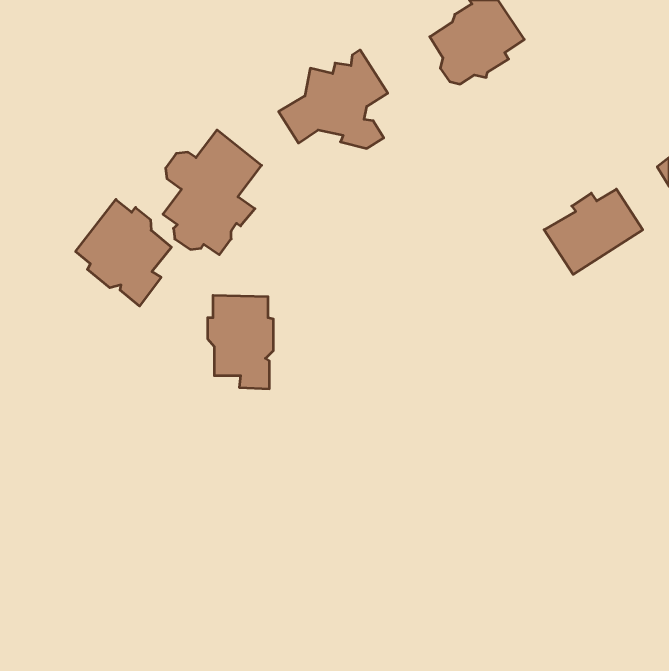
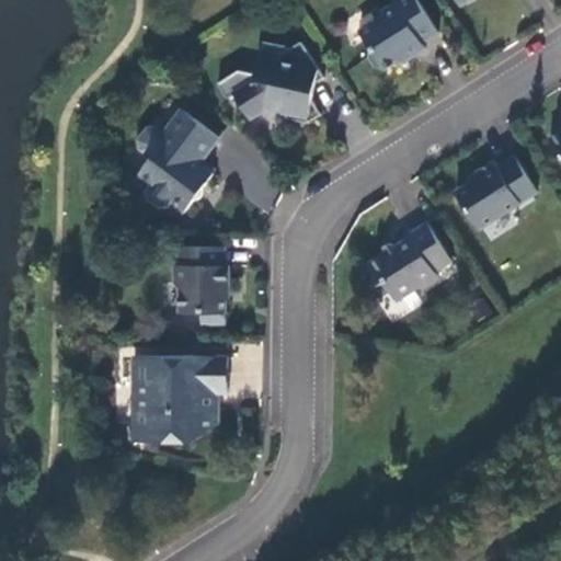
building: [76,199,171,306] -> none
building: none -> [365,222,450,301]
building: none -> [133,356,227,443]

